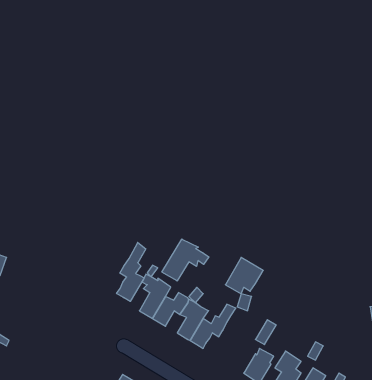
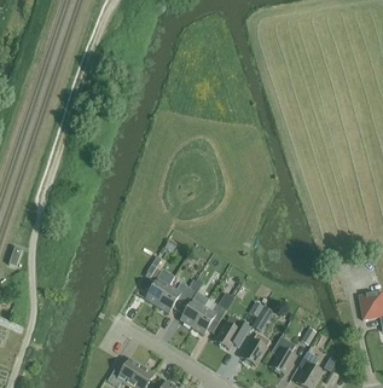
building: [162,239,209,281] -> none
building: [117,242,146,301] -> none
building: [225,257,263,294] -> [215,315,250,349]

